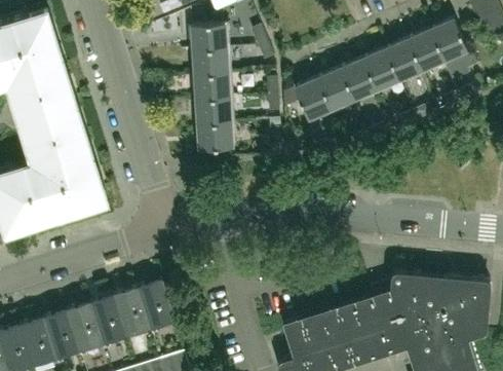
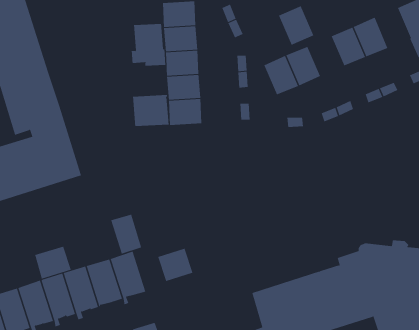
building: [408,31,443,72] -> none
building: none -> [131,23,166,66]
building: [339,60,376,101] -> [278,5,314,46]
building: none -> [133,94,169,127]
building: none -> [110,214,142,255]
building: none -> [34,246,71,280]
building: none -> [157,248,193,282]

